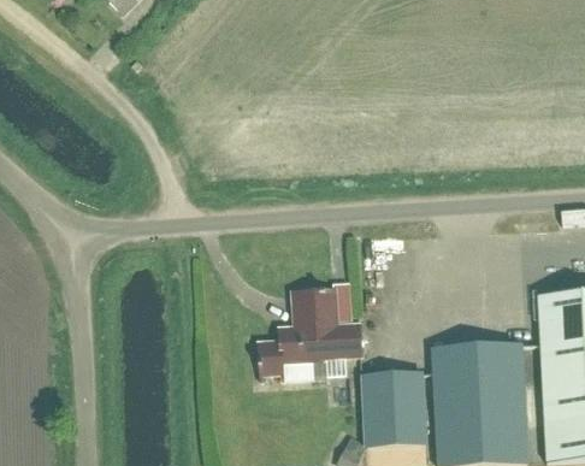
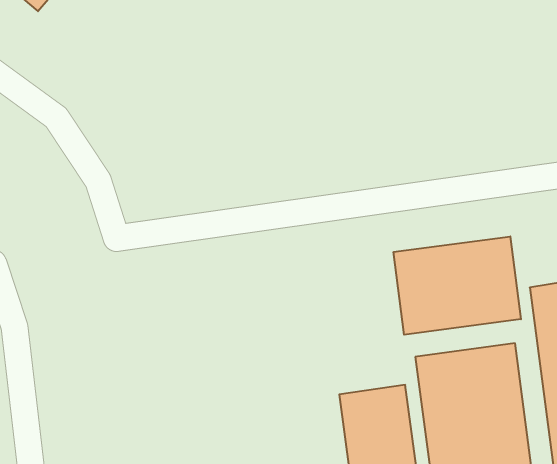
building: none -> [394,236,521,335]
building: [259,288,361,376] -> none

